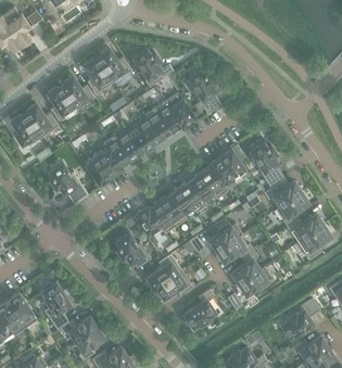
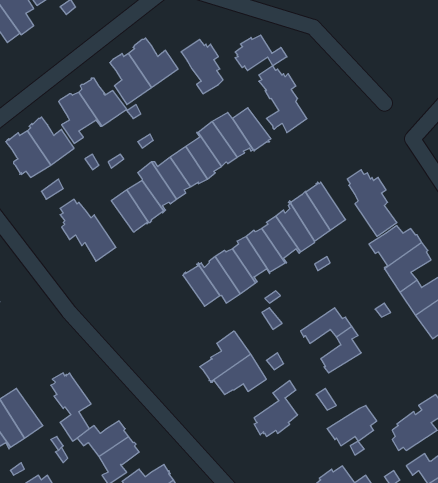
building: none -> [235,35,287,71]
building: [208,224,241,254] -> none
building: [115,233,150,269] -> none
building: [236,267,270,295] -> [327,405,377,446]

